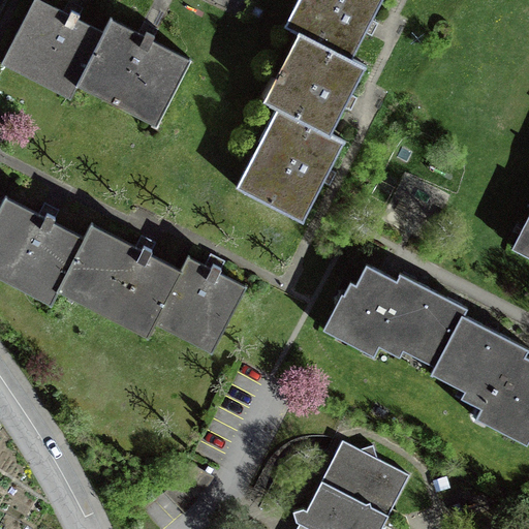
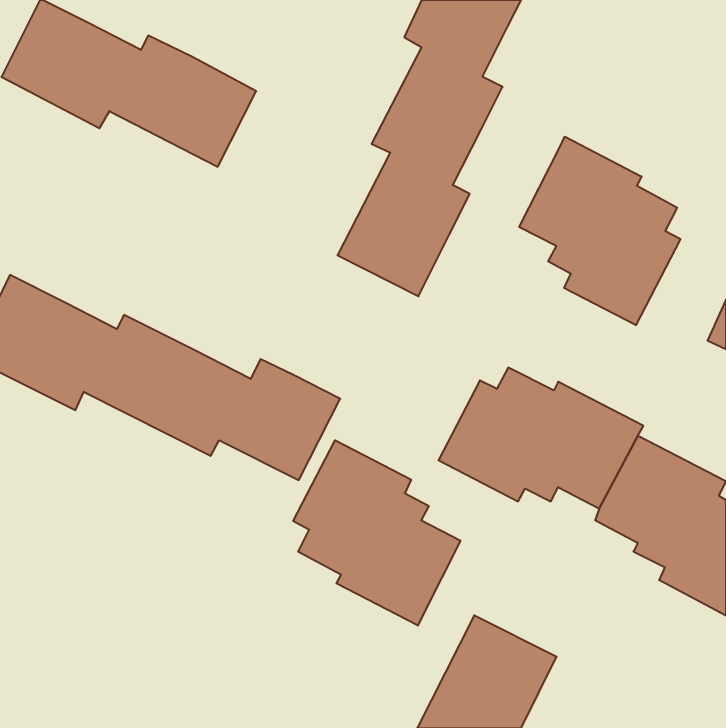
building: none -> [519,137,680,325]
building: none -> [293,440,460,626]

